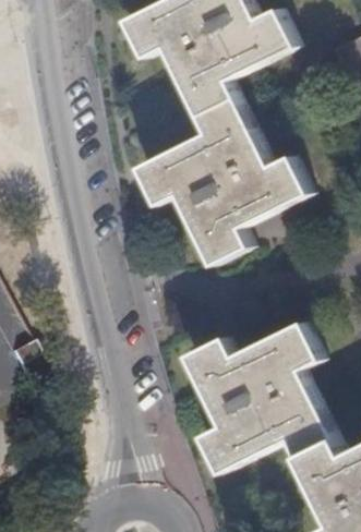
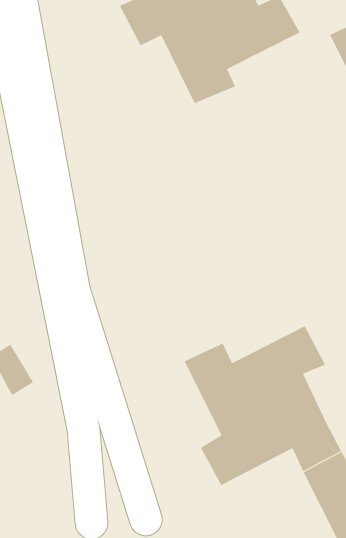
building: [139,96,309,265] -> none

